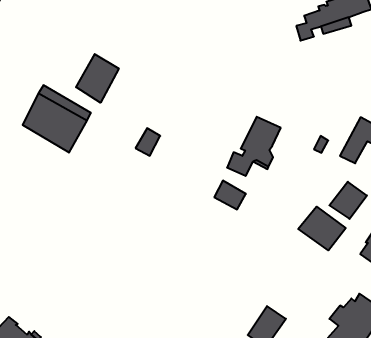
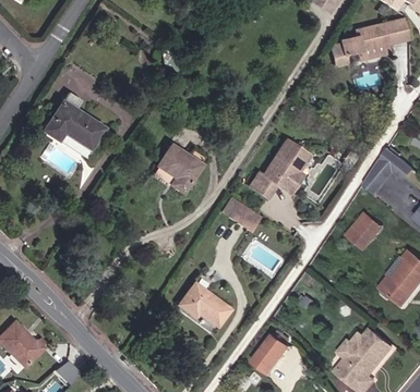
building: [76,54,119,103] -> none
building: none -> [167,151,196,186]
building: [298,207,346,250] -> none
building: none -> [178,281,235,329]

